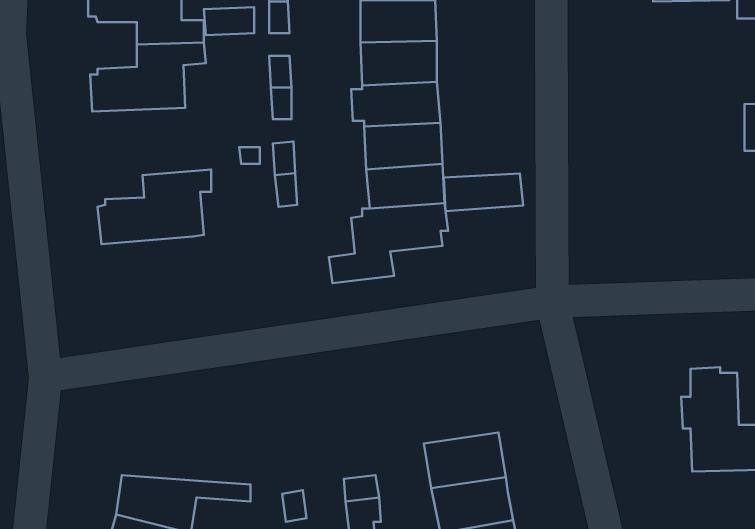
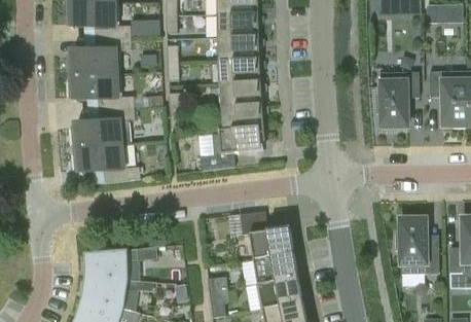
building: none -> [375,72,419,128]
building: none -> [69,74,135,111]
building: [444,174,523,211] -> none
building: none -> [74,145,141,183]
building: none -> [241,211,293,259]
building: none -> [84,249,156,280]

